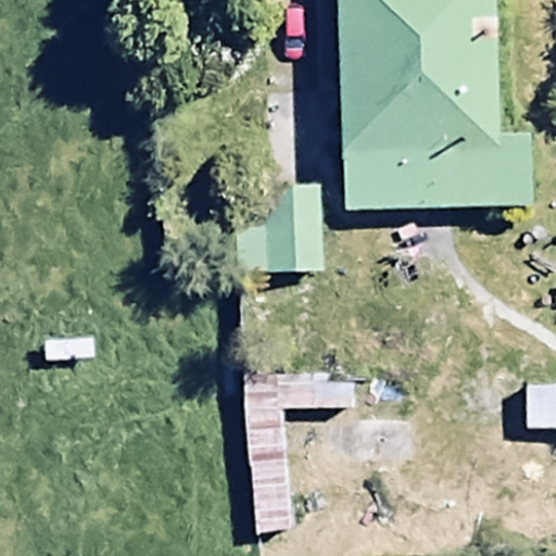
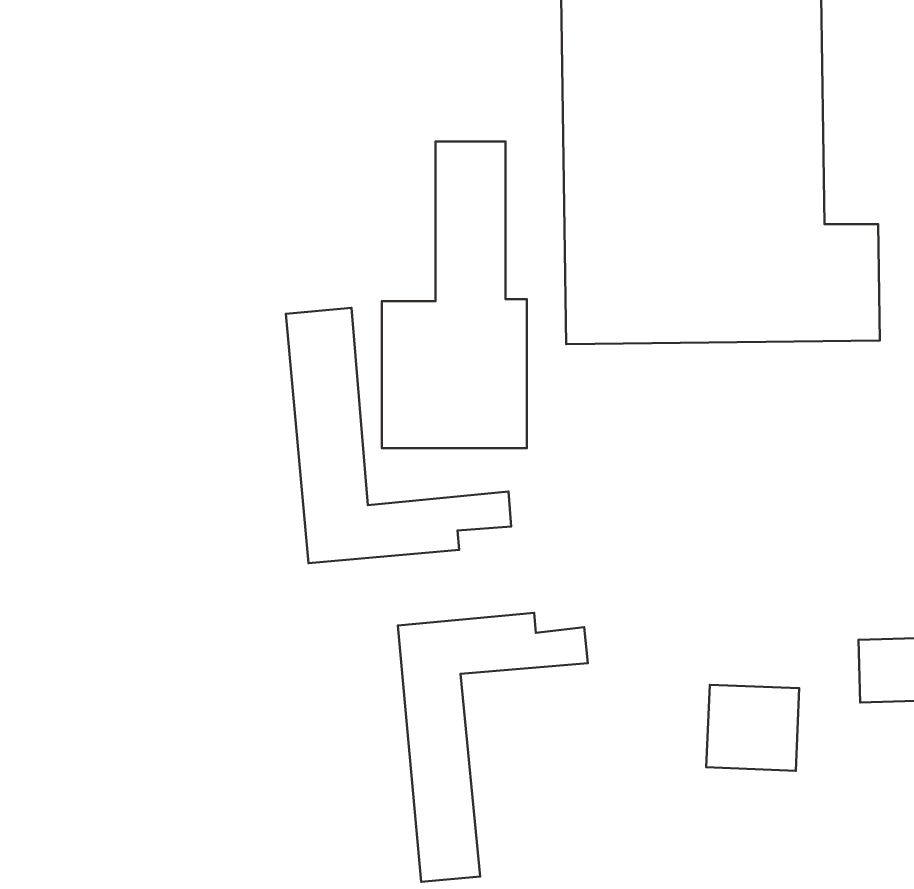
building: none -> [286,308,511,563]

